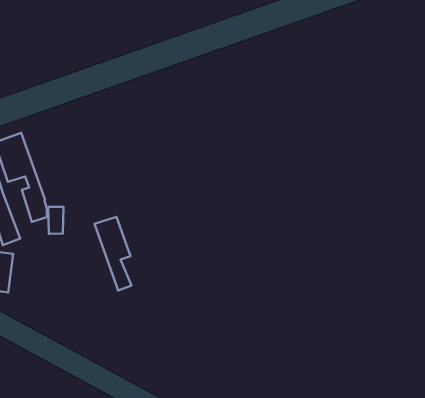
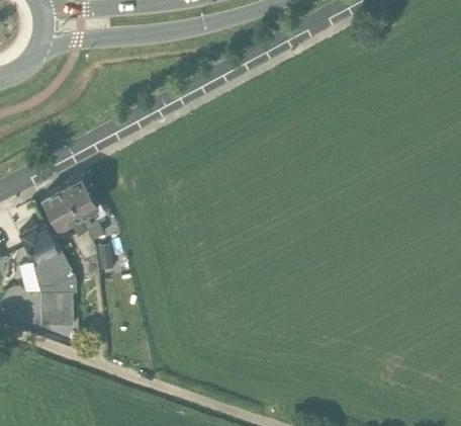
building: [95,217,132,290] -> [64,180,104,244]

